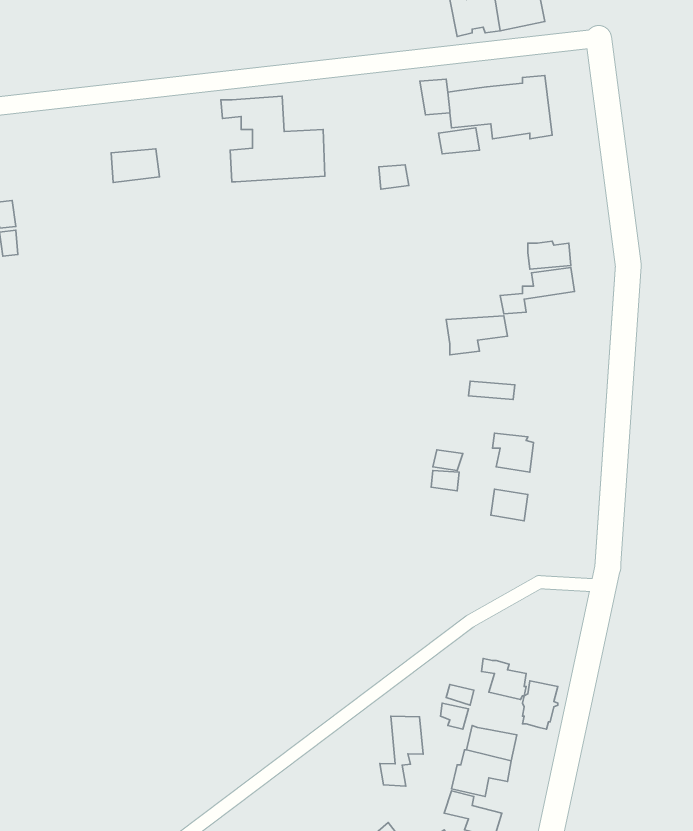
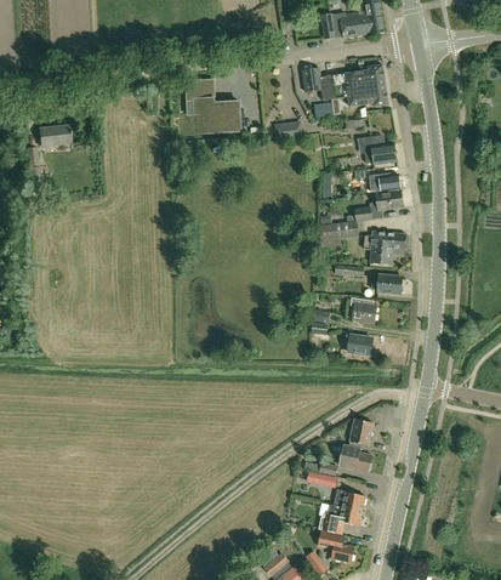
building: [111,149,160,182] -> [39,125,70,147]
building: none -> [357,135,397,165]
building: none -> [364,231,405,265]
building: none -> [370,274,403,295]
building: [522,681,558,729] -> [349,419,372,450]
building: [380,716,423,786] -> none

